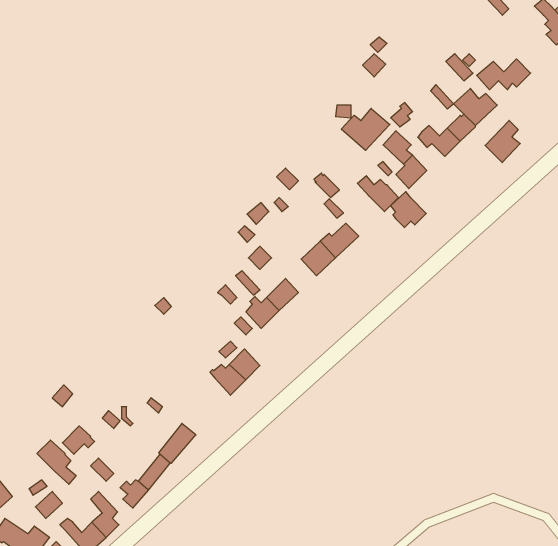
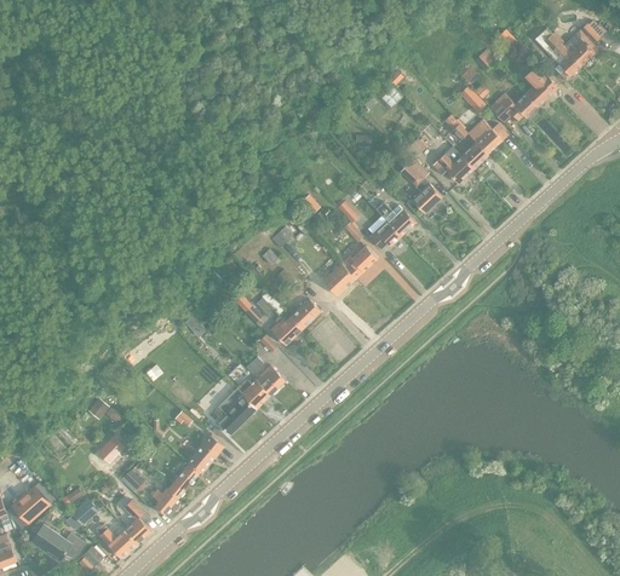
building: none -> [523,64,557,104]
building: [341,108,390,150] -> none
building: [485,120,520,163] -> none
building: [390,192,426,228] -> [367,214,401,248]
building: none -> [217,386,256,433]
building: [37,440,76,484] -> none

